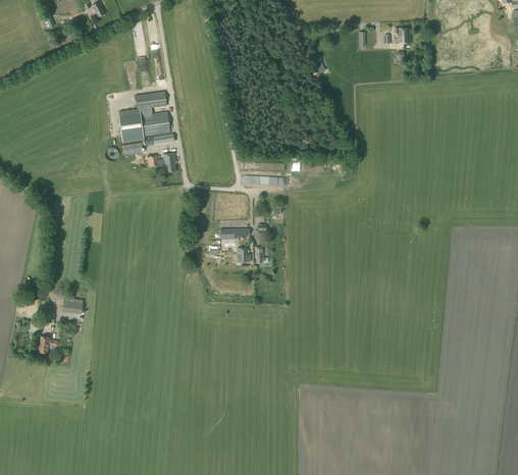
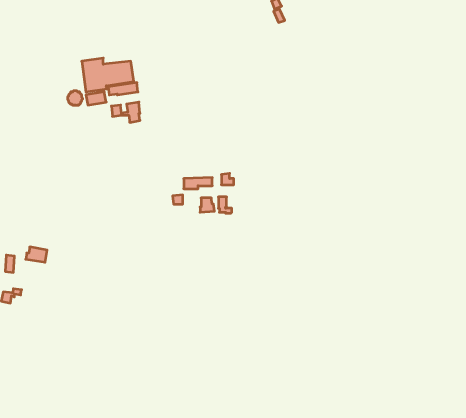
building: [138,91,165,109] -> none

